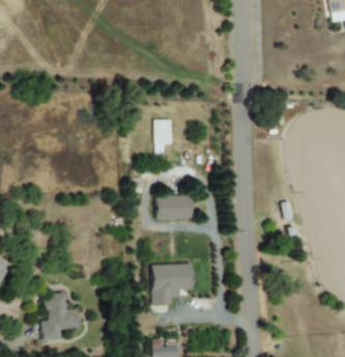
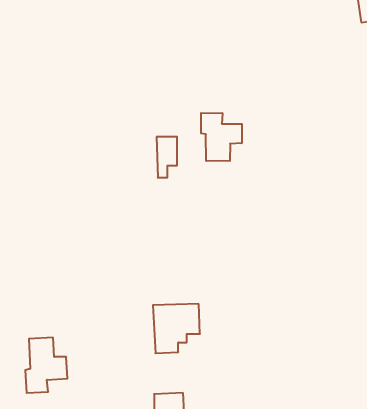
building: none -> [201,113,242,161]
building: [156,195,193,219] -> none

